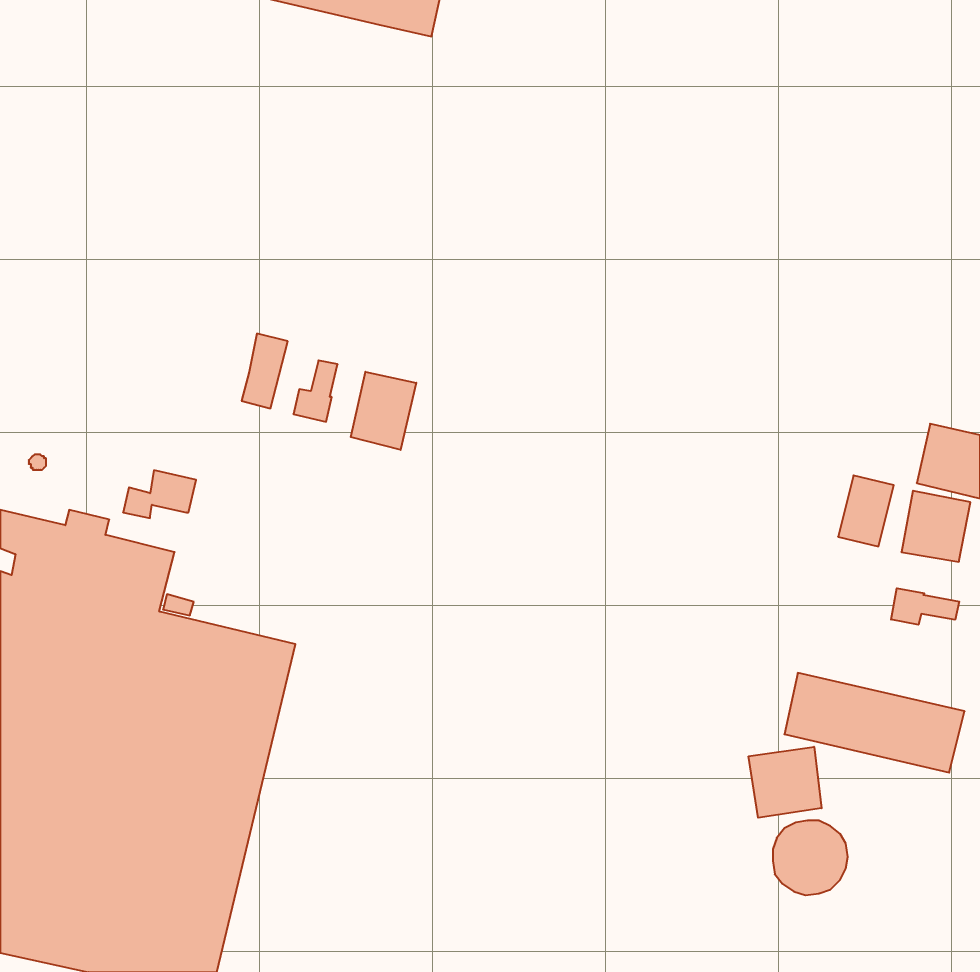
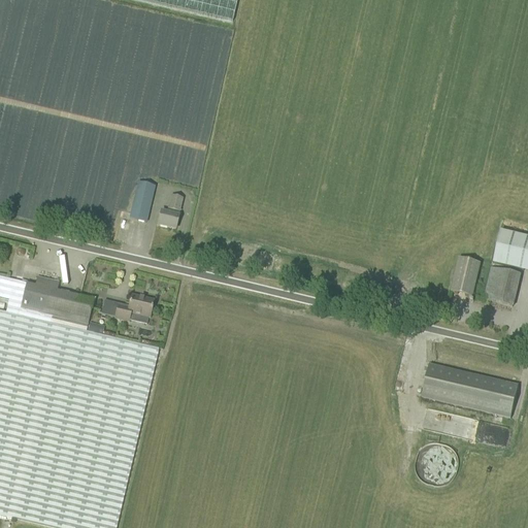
building: [351,372,416,450] -> none
building: [123,470,196,518] -> [114,293,154,319]
building: [891,588,959,625] -> none
building: [749,747,822,818] -> none

